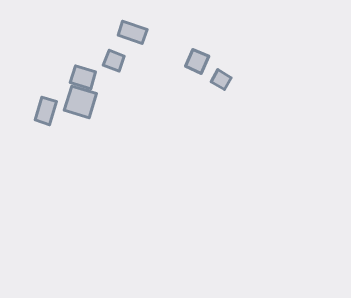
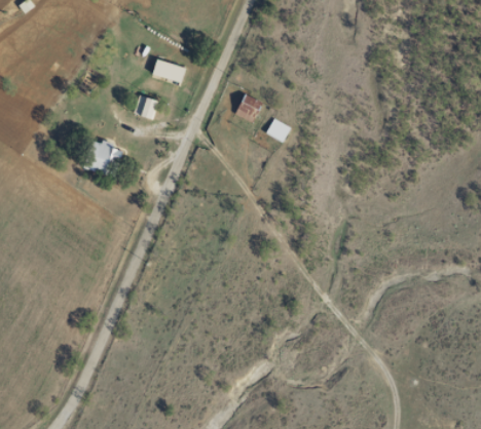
building: [70,66,96,89] -> none
building: [35,97,57,125] -> none

